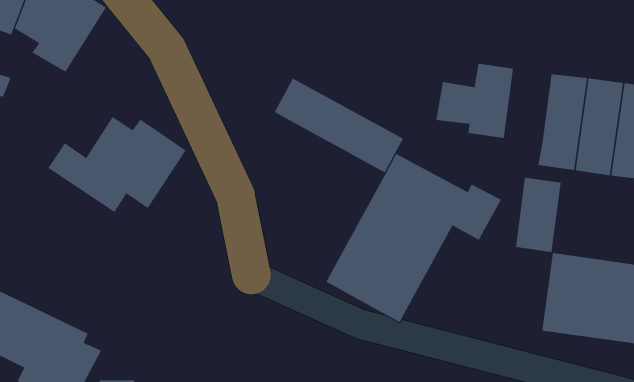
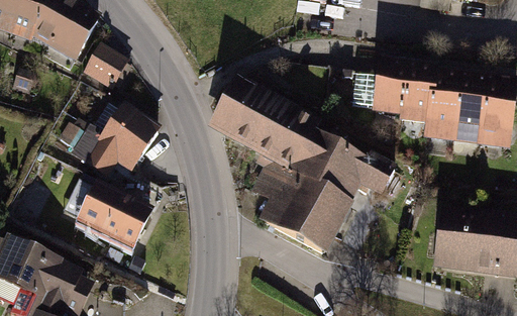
building: none -> [81,43,131,93]
building: none -> [209,98,311,205]
building: [515,177,561,253] -> [402,65,437,122]
building: none -> [76,178,153,248]

